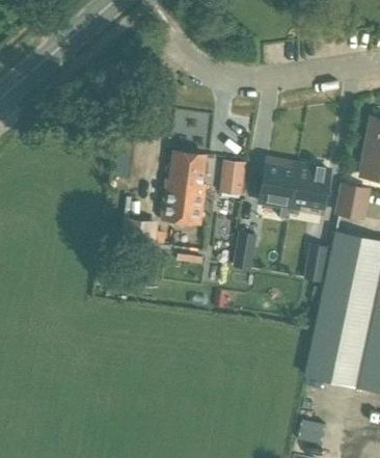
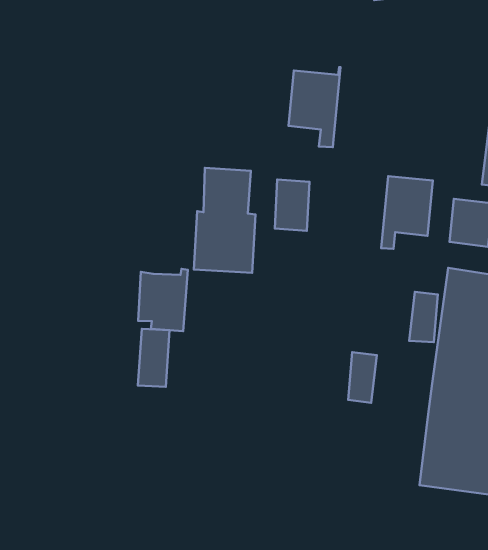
building: [261,165,299,219] -> [288,67,341,147]
building: [235,233,256,268] -> [348,352,377,403]
building: none -> [138,329,170,387]

